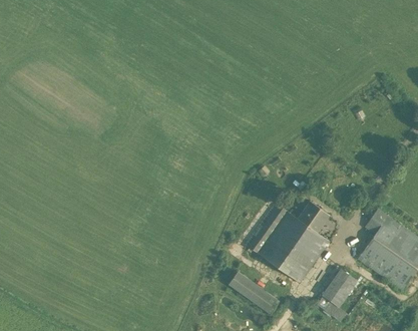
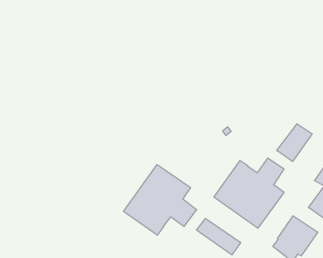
building: none -> [277,124,312,162]
building: none -> [124,165,197,235]

